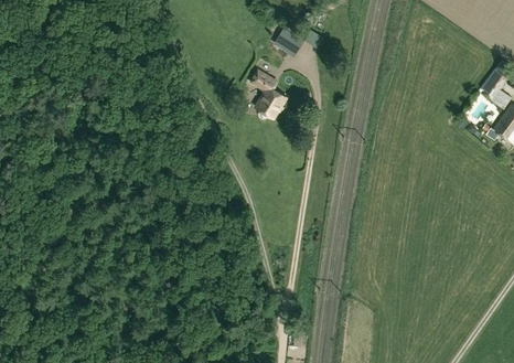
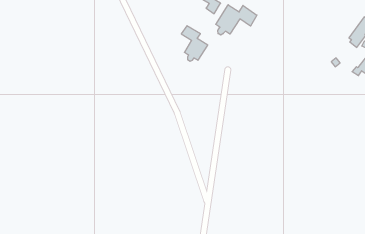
building: none -> [216,5,257,35]

